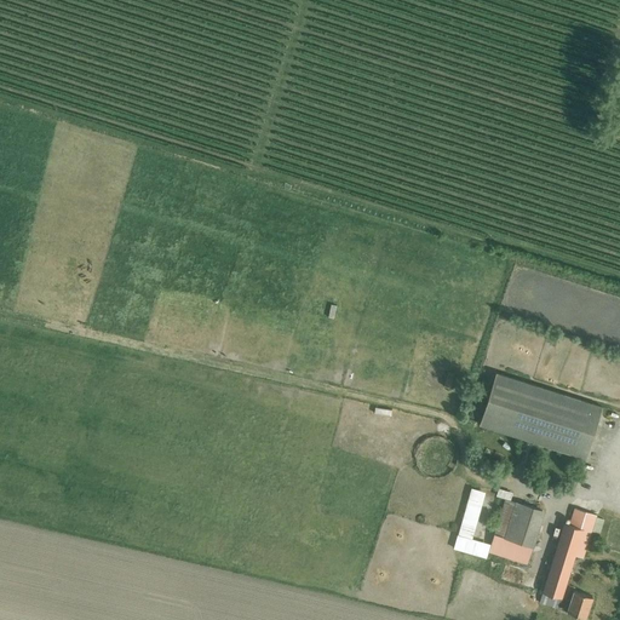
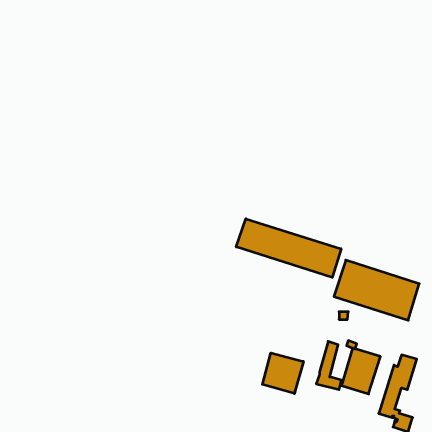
building: none -> [236,219,341,277]
building: none -> [262,353,303,394]

